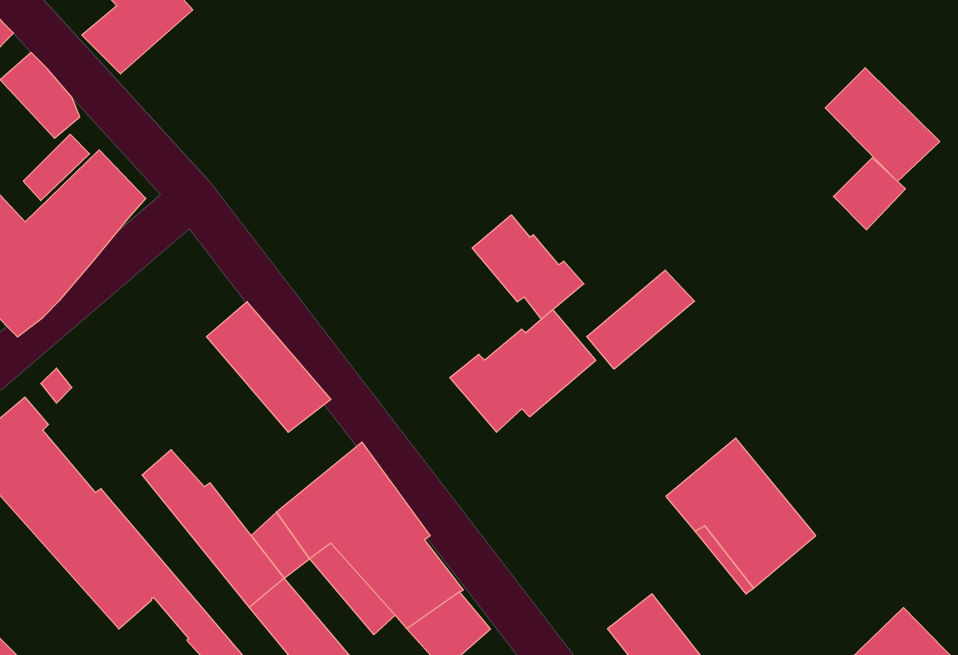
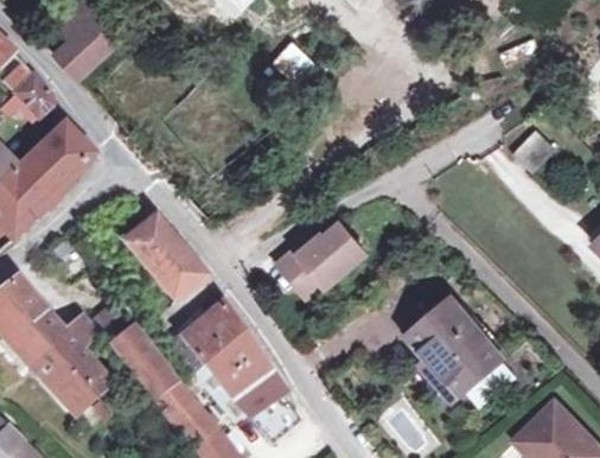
building: [825,68,940,181] -> none
building: [472,215,584,319] -> none
building: [587,270,695,369] -> none

